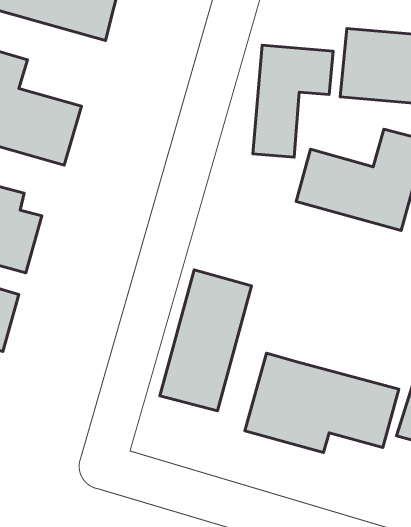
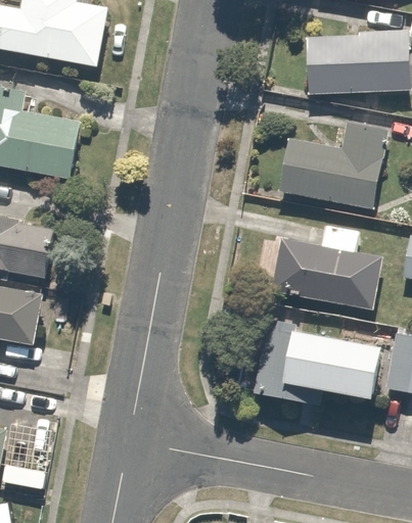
building: [253,45,333,157] -> none
building: none -> [278,224,376,310]
building: [160,270,252,411] -> none

